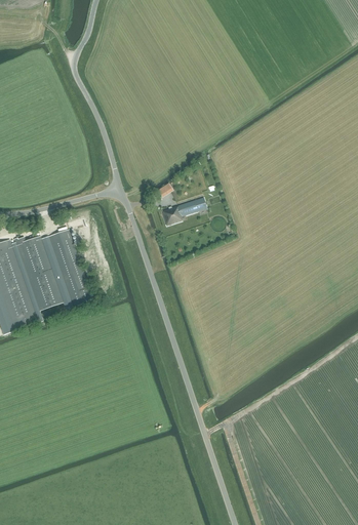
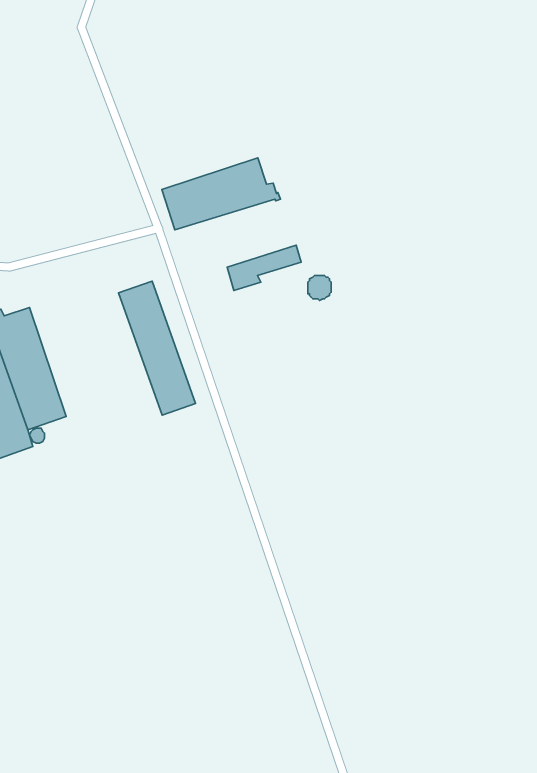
building: none -> [162,158,280,230]
building: [46,228,93,310] -> [119,281,196,415]

